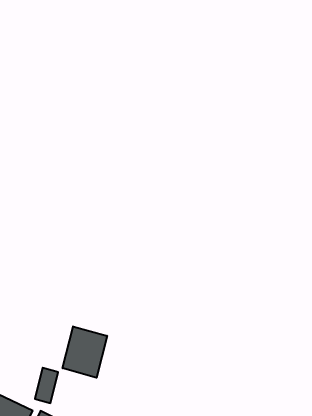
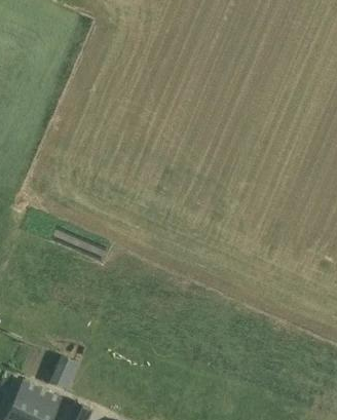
building: [63,326,107,378] -> none

